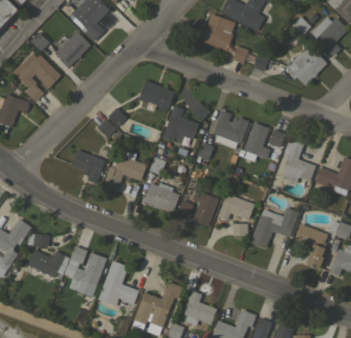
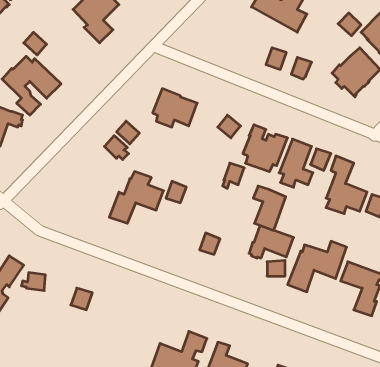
building: [194,14,236,52] -> none
building: [55,31,91,68] -> none
building: [162,105,198,144] -> none
building: [72,150,105,184] -> none
building: [143,183,180,214] -> none
building: [192,190,219,227] -> [253,186,286,230]
building: [28,250,66,278] -> none
building: [64,252,107,297] -> none
building: [98,261,139,307] -> none

